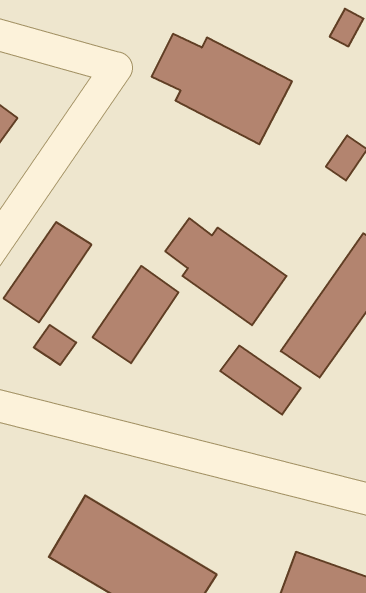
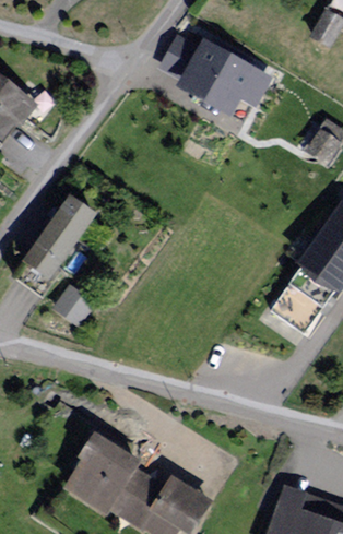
building: [165,218,287,325] -> none
building: [93,266,178,363] -> none
building: [220,346,301,415] -> none

